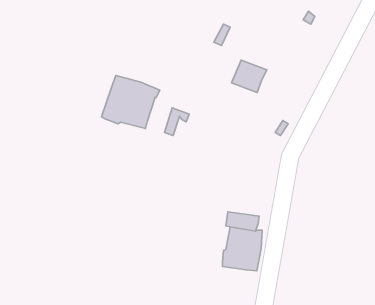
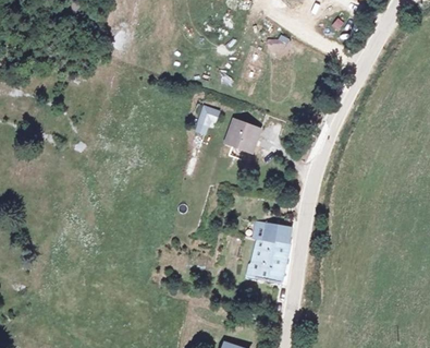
building: [231,60,267,92] -> [225,118,261,151]
building: [101,76,160,129] -> none

